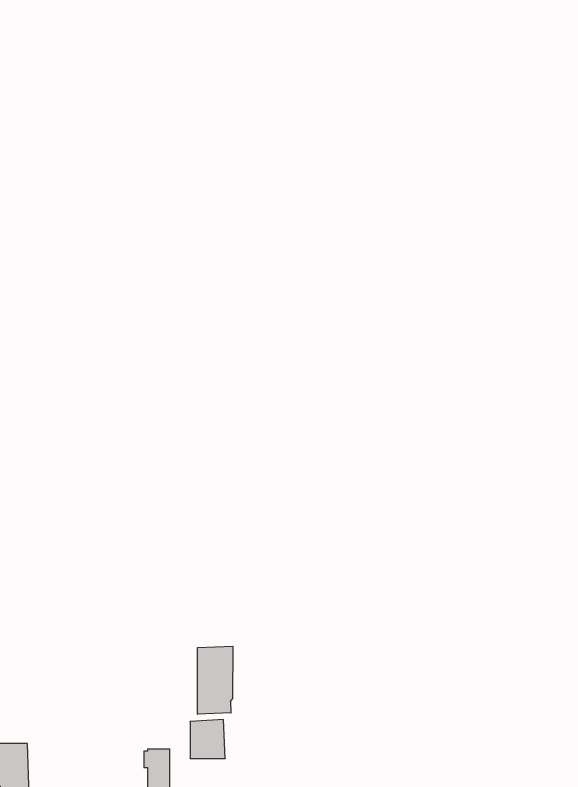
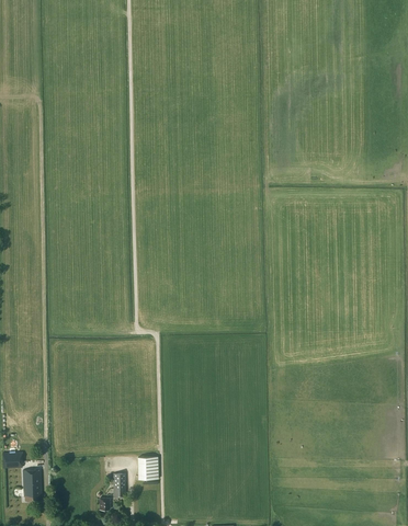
building: [198,646,233,714] -> none

